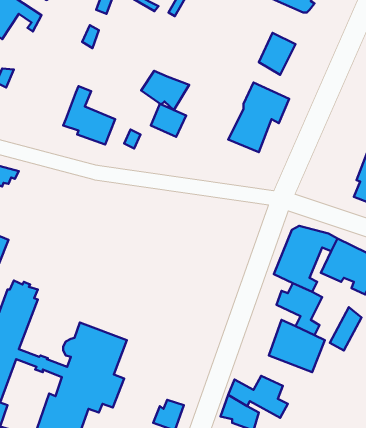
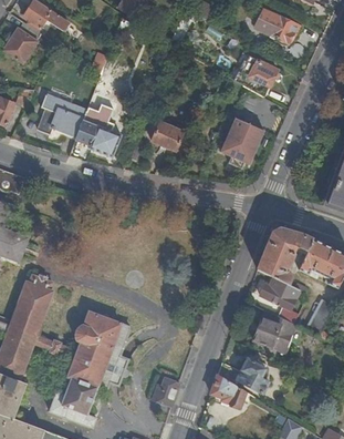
building: [141,71,189,110] -> none
building: none -> [39,95,86,134]

